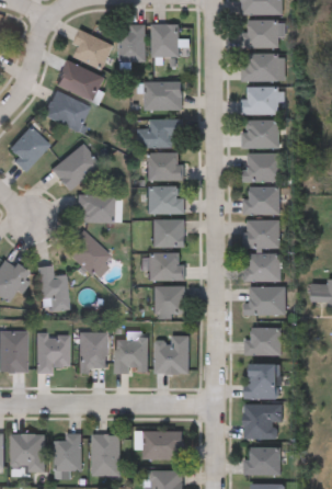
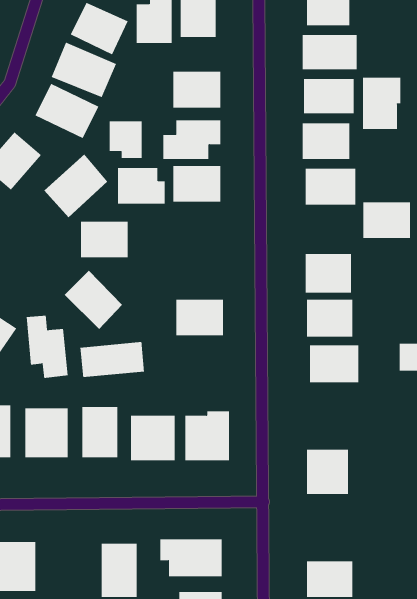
building: none -> [363,77,401,130]
building: none -> [109,120,142,159]
building: [149,185,185,213] -> [117,168,166,204]
building: [244,186,281,214] -> [362,202,411,239]
building: [153,218,185,246] -> none
building: none -> [80,341,145,378]
building: [153,286,186,317] -> none
building: [247,327,282,354] -> none
building: [245,405,283,439] -> none
building: [56,433,82,470] -> none

